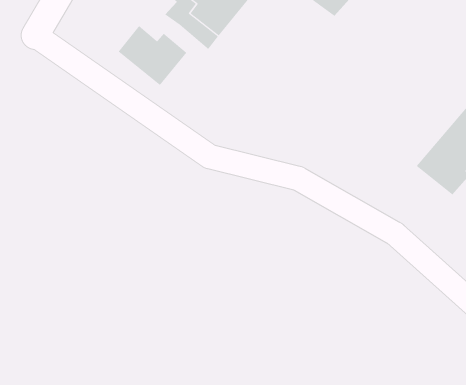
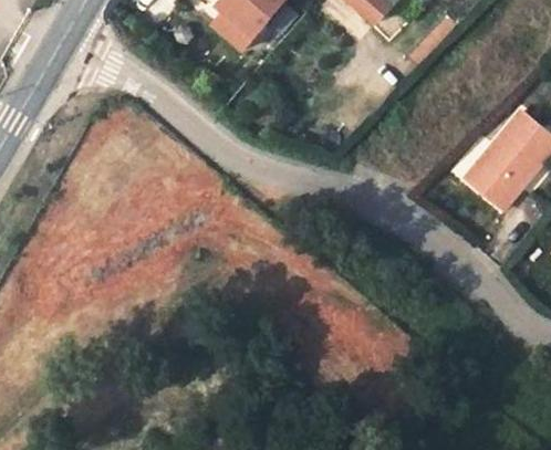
building: [118,25,187,86] -> none

